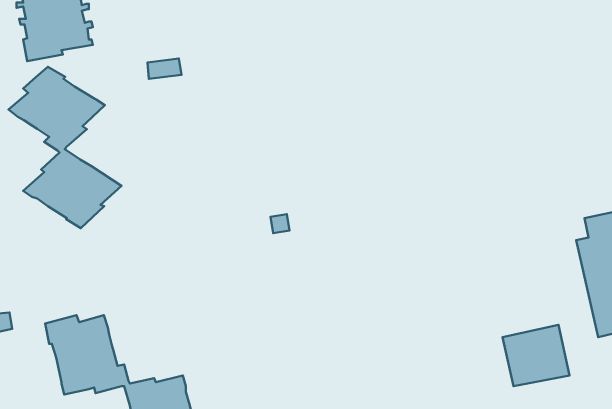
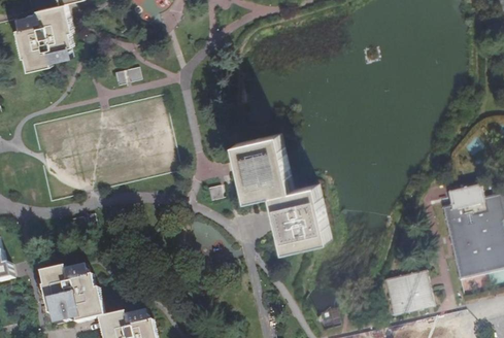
building: [9,67,121,228] -> none
building: none -> [228,133,325,251]

